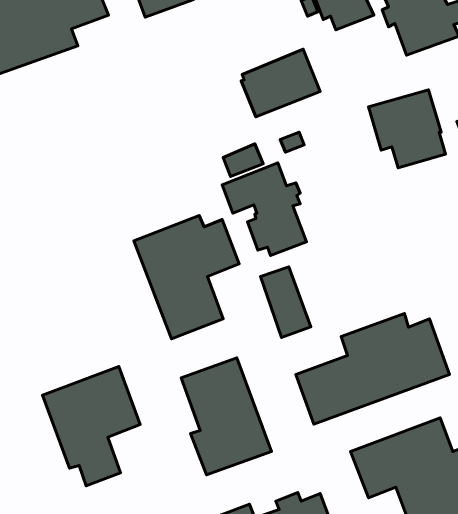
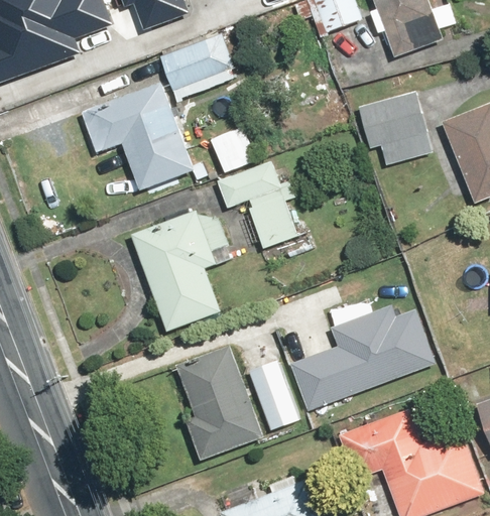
building: [241,49,320,117] -> [158,28,234,93]
building: none -> [81,83,195,191]
building: [260,267,311,337] -> [250,363,298,430]
building: [42,367,140,486] -> none

